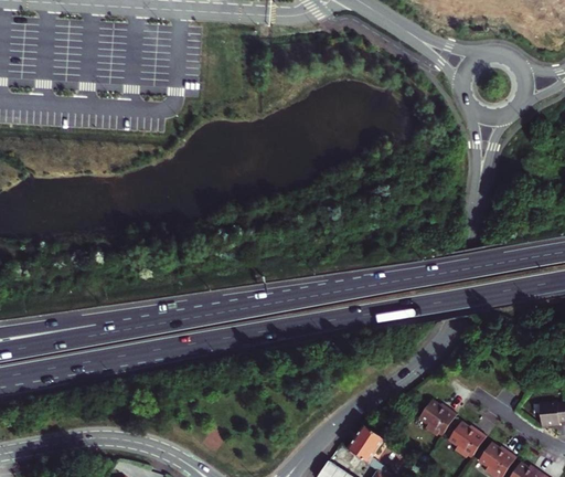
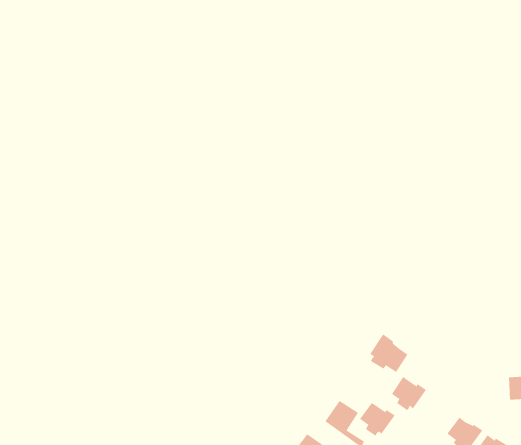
building: none -> [370,334,408,373]
building: [448,422,487,458] -> [359,402,396,436]

